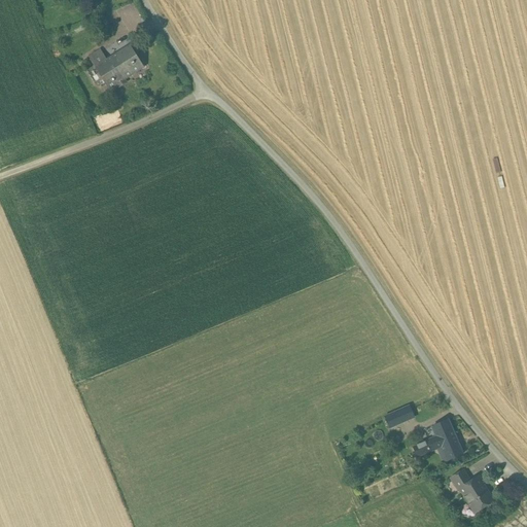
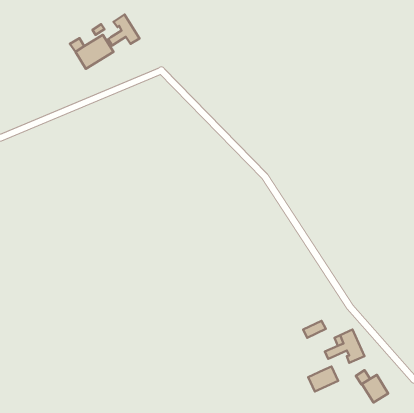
building: none -> [108,14,140,46]
building: none -> [308,367,338,391]

